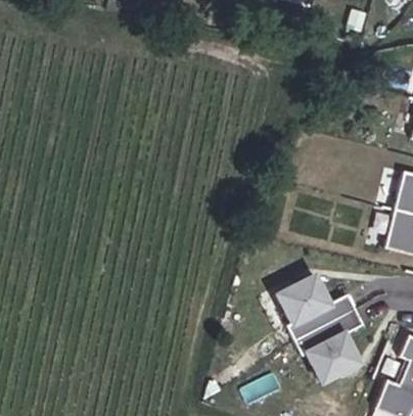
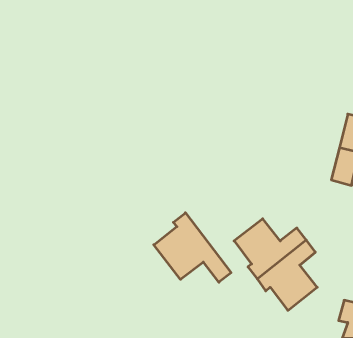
building: none -> [154,213,231,282]

